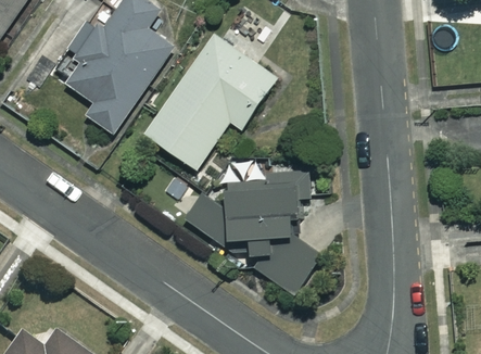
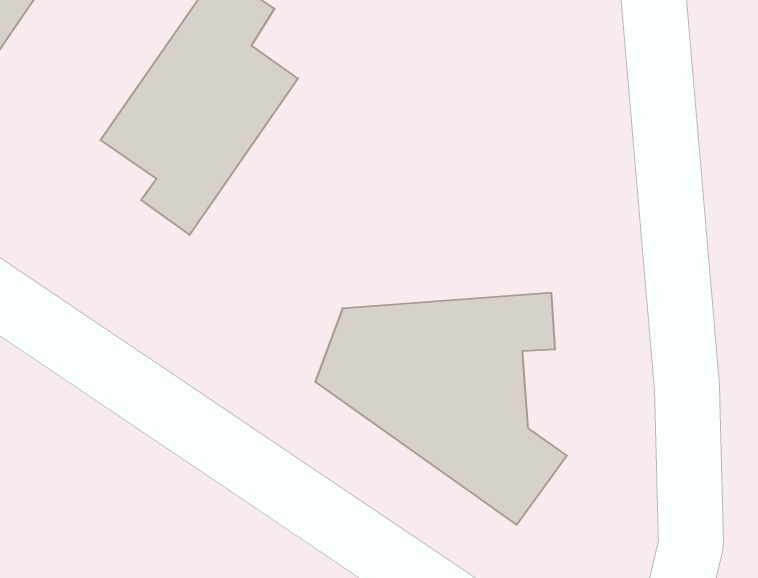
building: [144,34,278,170] -> none

